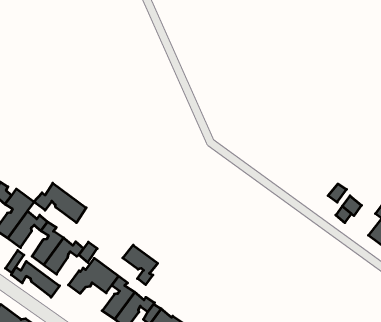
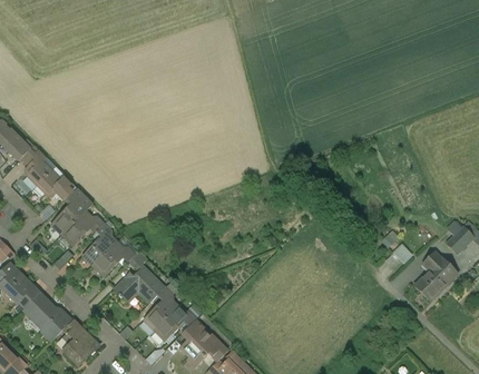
building: [34,183,86,223] -> none
building: [123,245,158,285] -> none
building: [11,261,60,297] -> none

